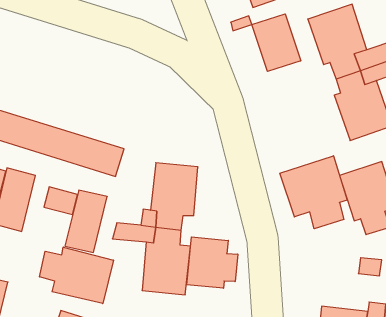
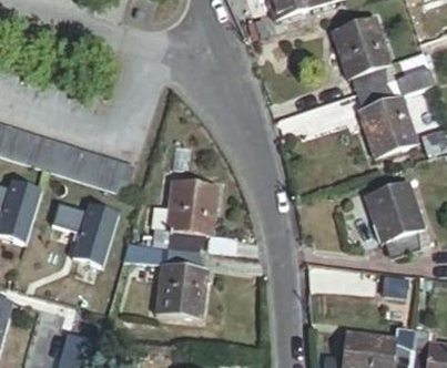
building: [252,14,301,71] -> none
building: [280,156,347,229] -> none
building: [187,237,238,288] -> none
building: [40,247,113,304] -> none

